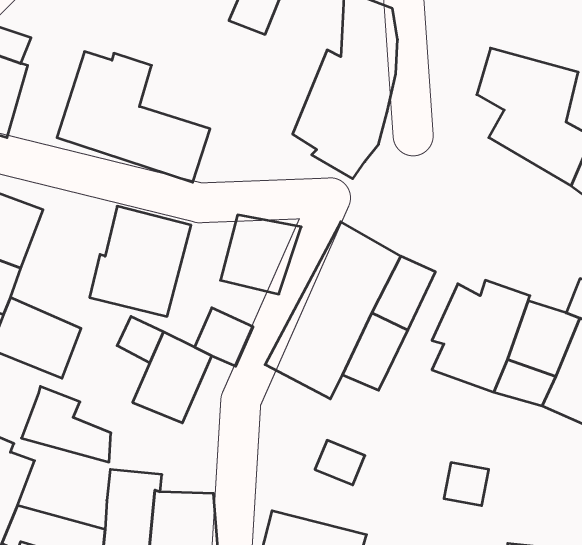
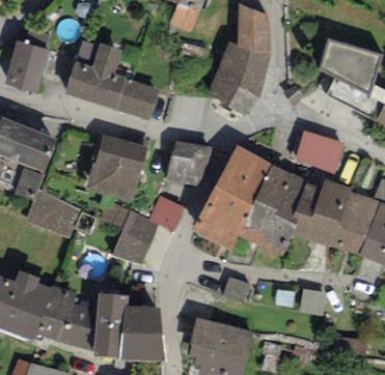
building: none -> [295,127,343,171]
building: none -> [263,174,307,250]
building: [21,386,111,462] -> [42,284,95,329]

